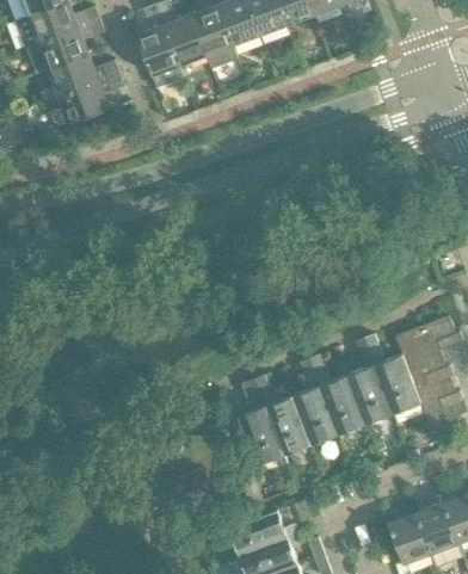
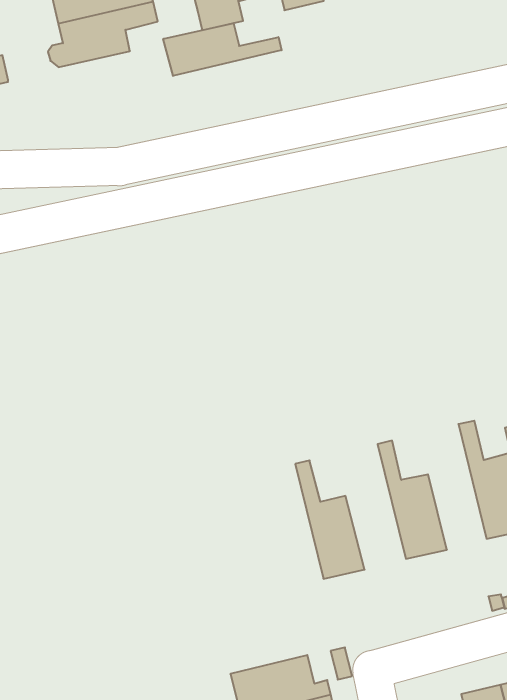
building: none -> [163,23,282,76]
building: [347,338,393,425] -> none
building: [292,358,339,445] -> none
building: [235,378,284,465] -> none

